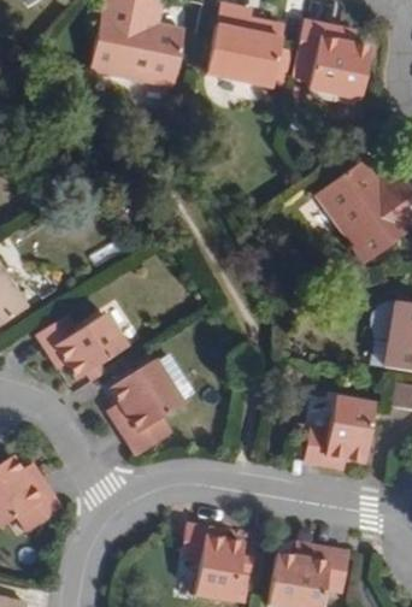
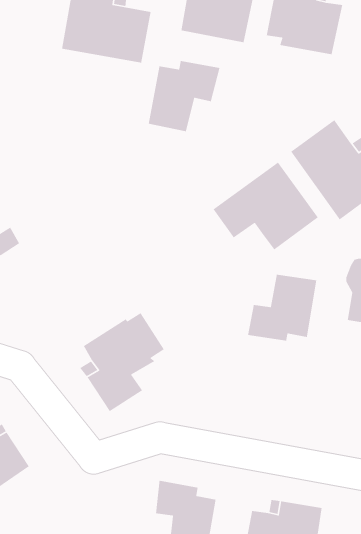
building: none -> [148,60,220,132]
building: none -> [212,161,319,250]
building: [40,312,129,377] -> none
building: [306,397,376,465] -> [247,274,317,341]

